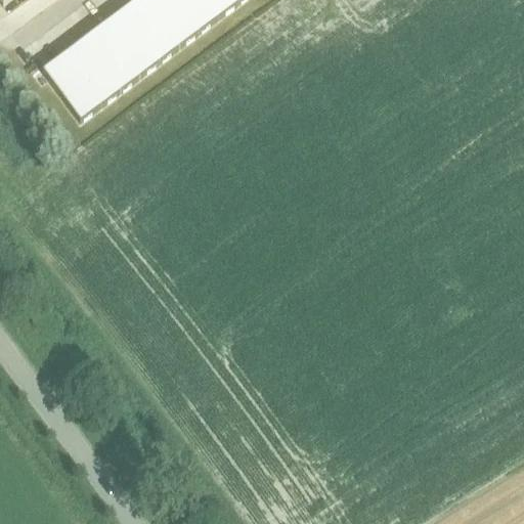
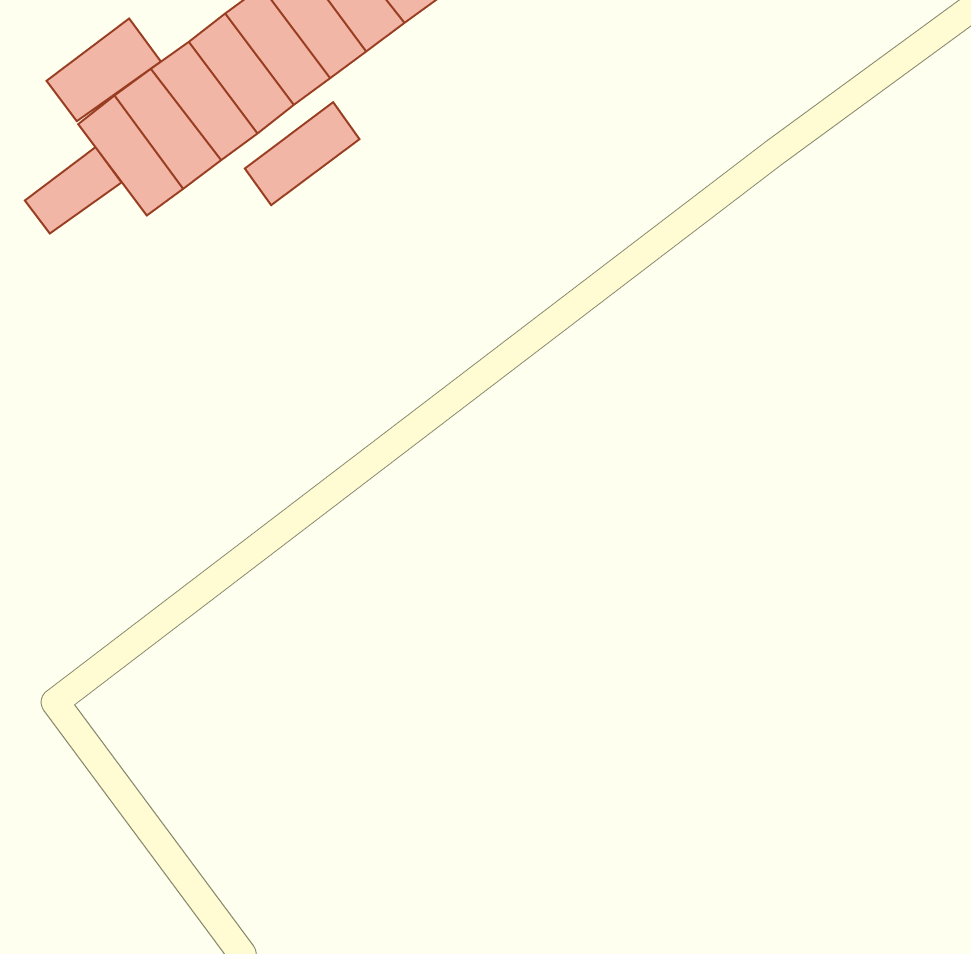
building: none -> [47,18,161,121]
building: none -> [245,102,359,205]
building: none -> [25,147,121,234]

